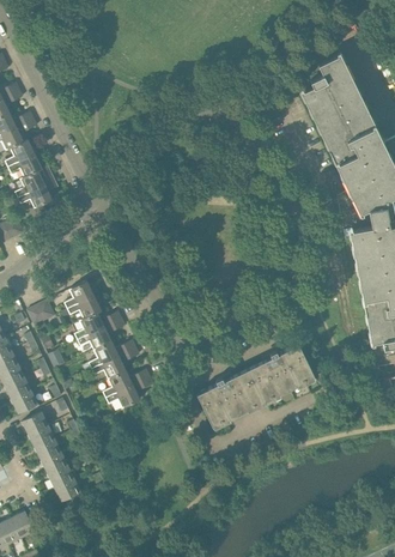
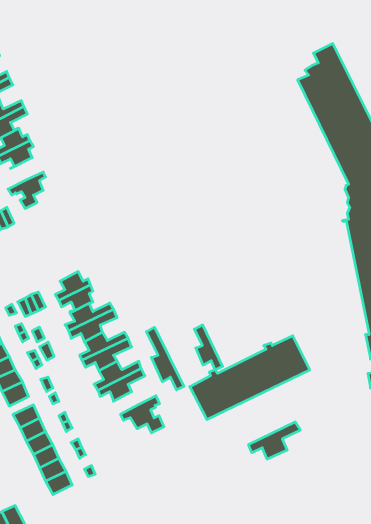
building: [14,165,51,199] -> none
building: none -> [194,325,223,370]
building: none -> [146,327,184,390]
building: none -> [121,396,164,433]
building: none -> [249,422,300,459]

